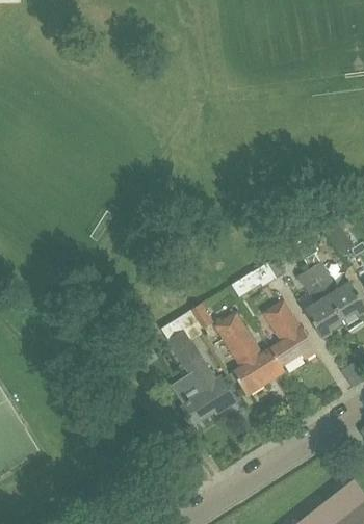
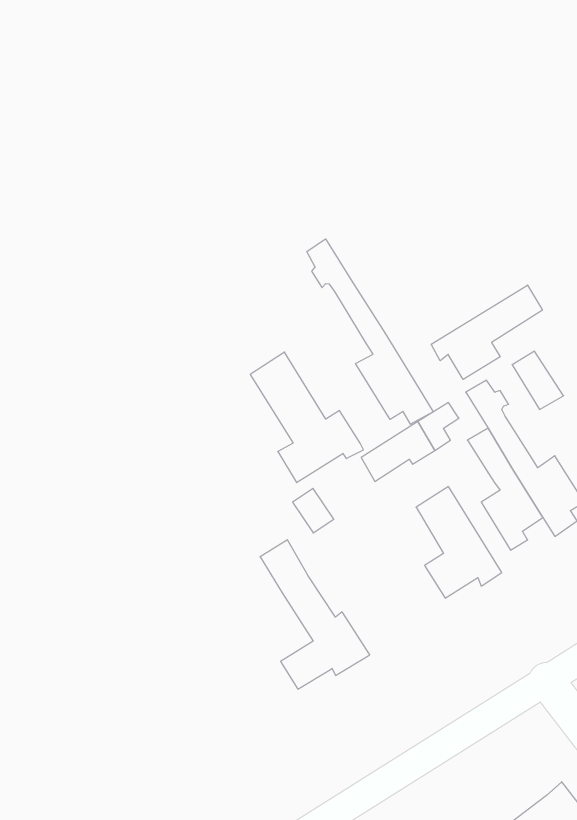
building: none -> [307,239,433,424]
building: none -> [431,285,542,379]
building: [215,313,284,392] -> [250,352,363,483]

